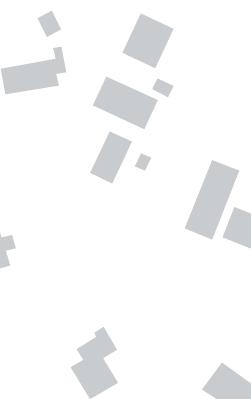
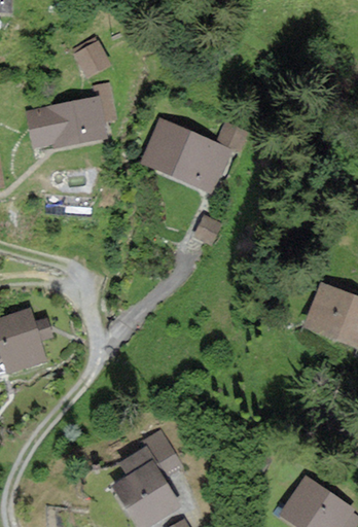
building: [122,13,175,69] -> none
building: [89,130,133,184] -> none
building: [184,159,240,241] -> none

